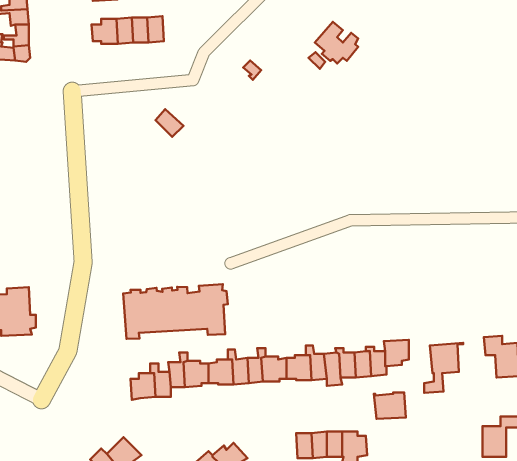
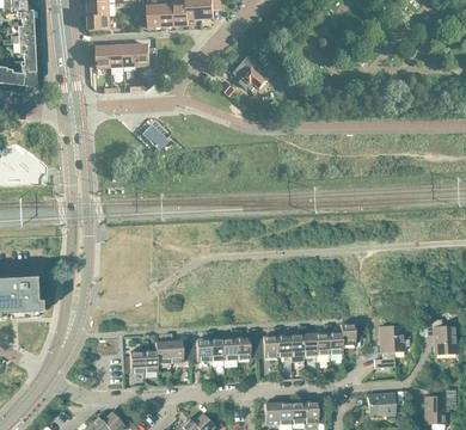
building: [315,22,358,63] -> [232,55,269,91]
building: [123,284,228,339] -> none
building: [374,393,406,419] -> [367,393,394,416]

